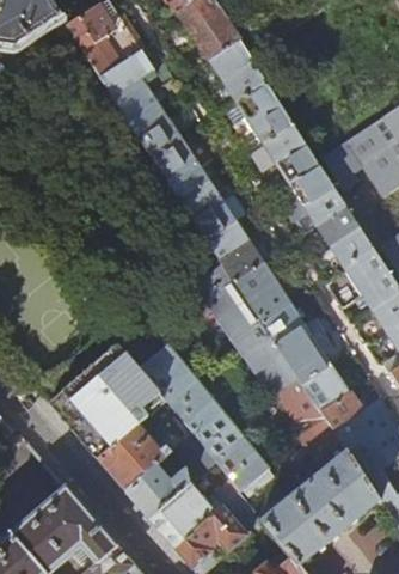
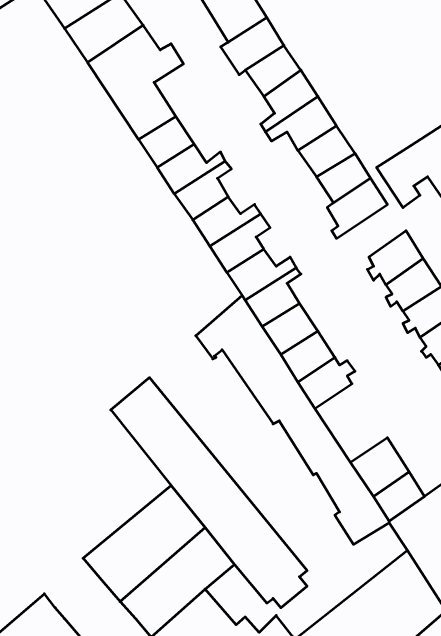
building: [293,185,346,233] -> none
building: [276,324,334,385] -> none
building: [49,344,165,459] -> none

